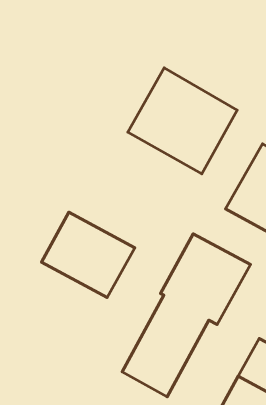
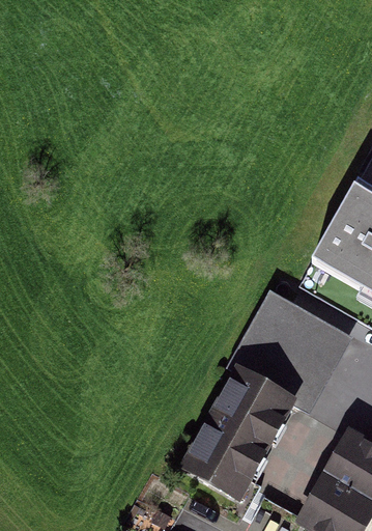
building: [128,68,237,174] -> none
building: [41,212,135,297] -> none

